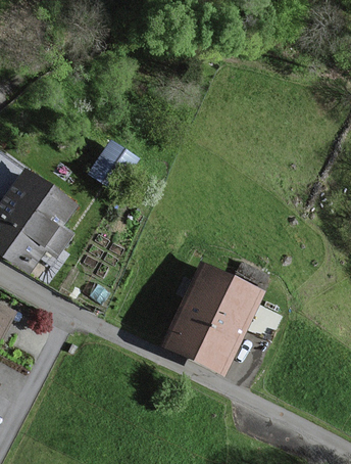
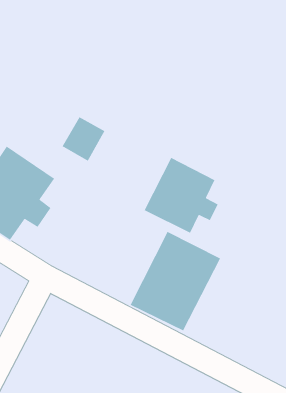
building: none -> [144,157,219,234]

